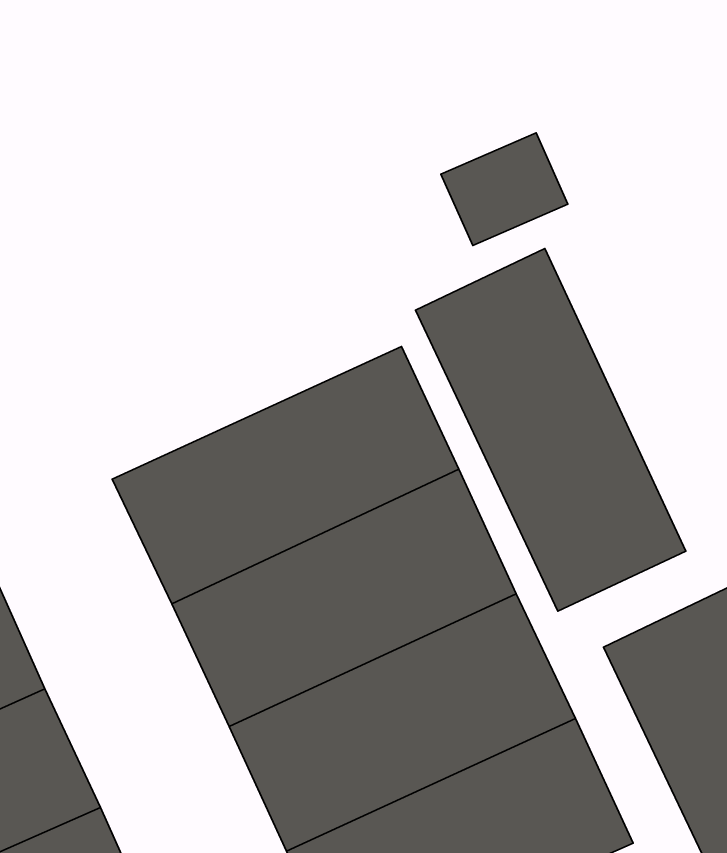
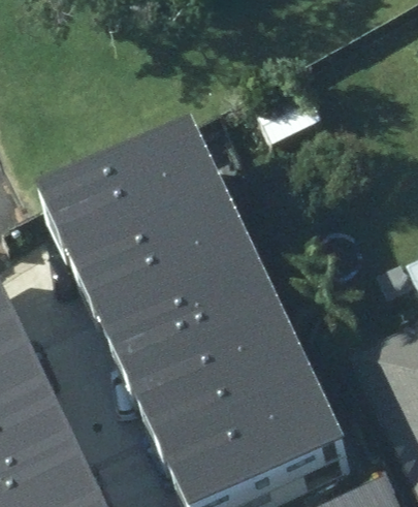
building: none -> [52,136,232,271]
building: [415,249,686,611] -> none

